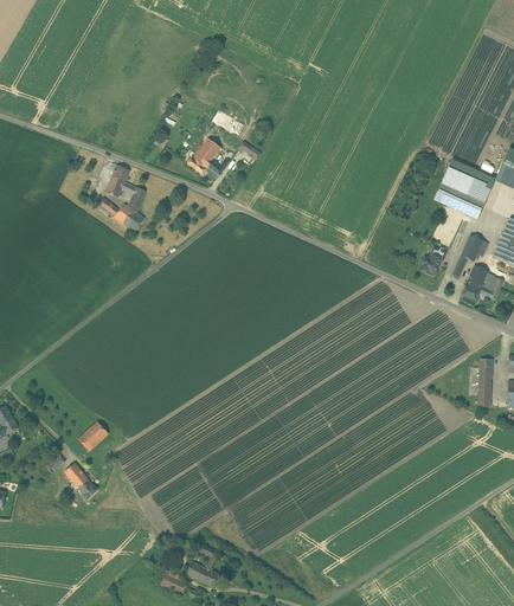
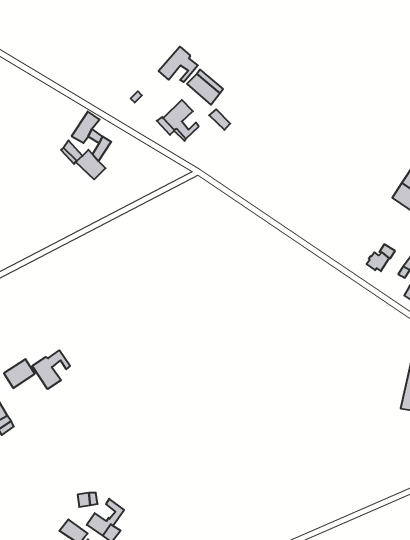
building: none -> [159,47,198,82]
building: none -> [32,350,70,389]

